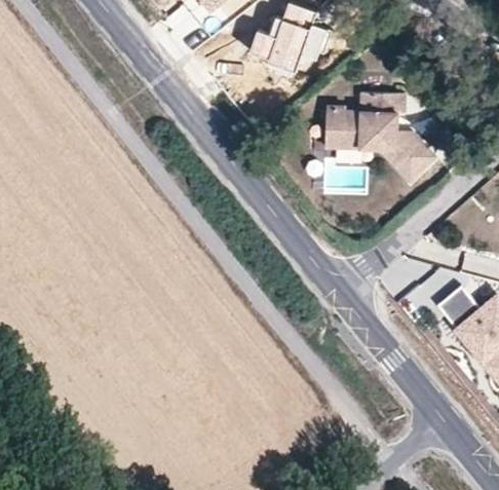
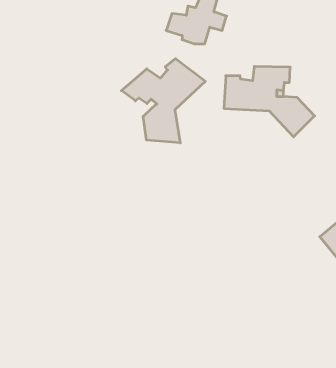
building: none -> [121,59,205,143]

